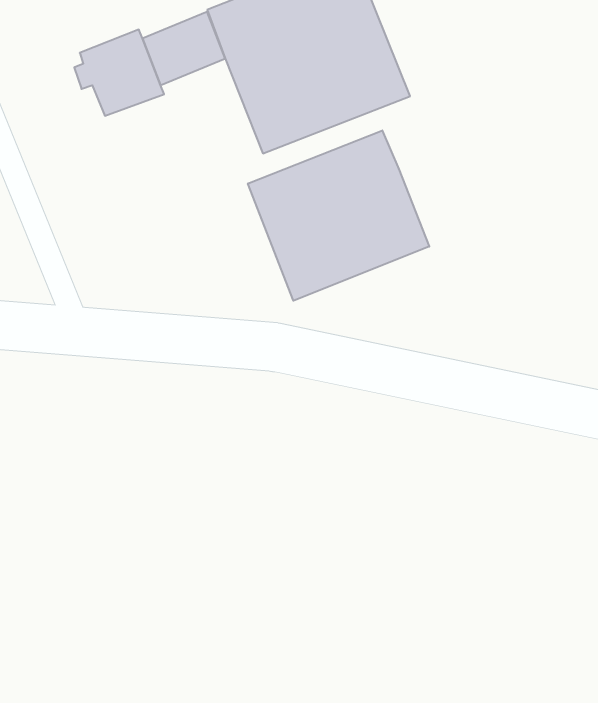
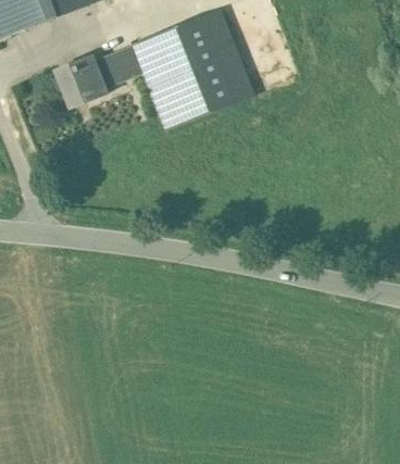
building: [248,130,429,301] -> none

